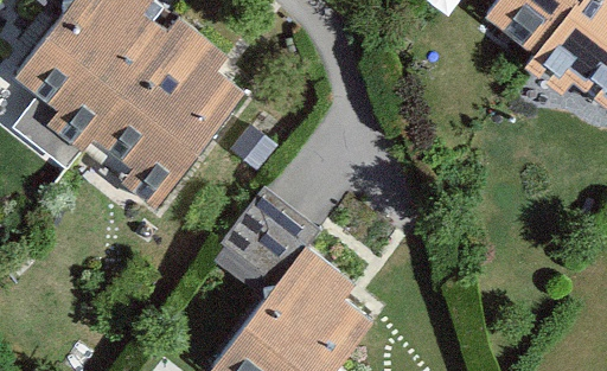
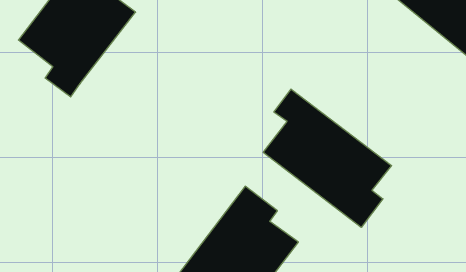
building: [101,23,244,199] -> none
building: none -> [263,89,392,227]

